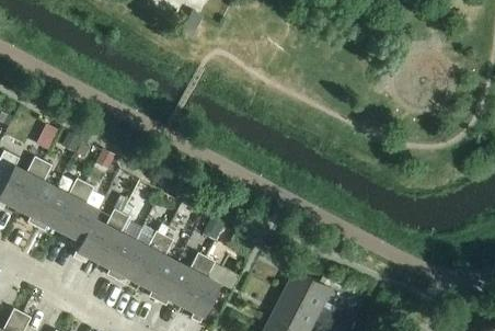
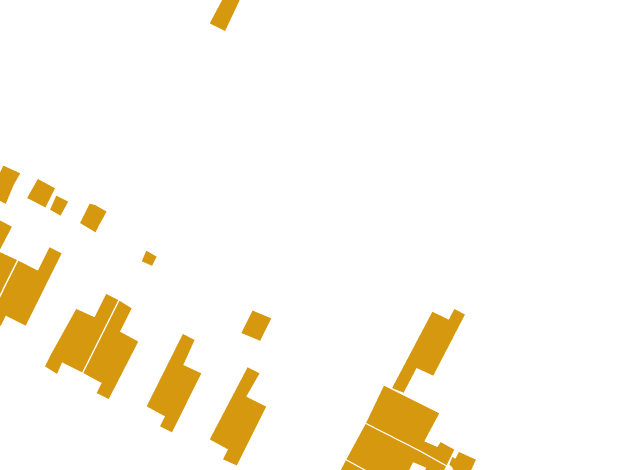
building: [60,182,97,248] -> none
building: none -> [391,308,466,393]
building: [115,230,163,283] -> none
building: [157,252,206,305] -> none

